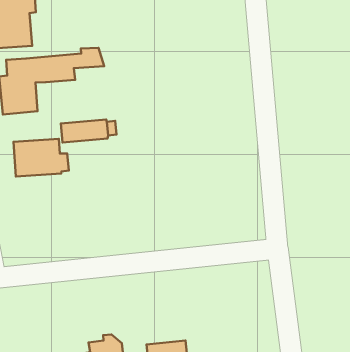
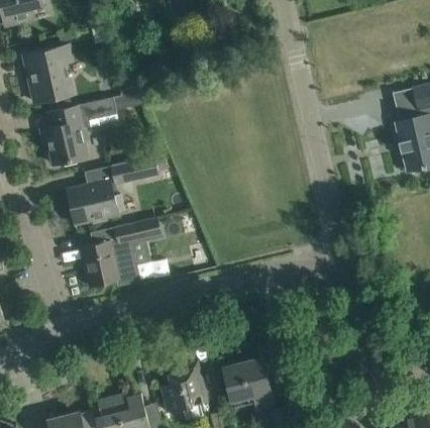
building: none -> [80,217,162,287]

